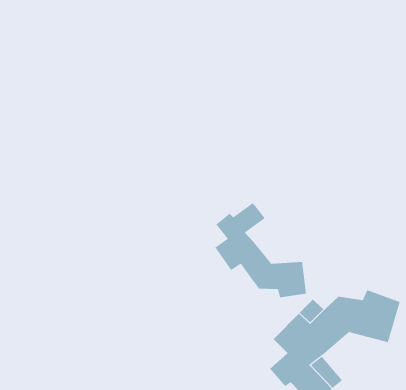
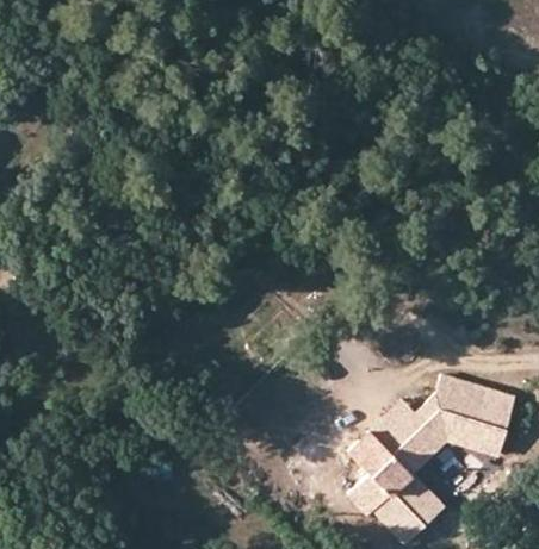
building: [215,202,307,298] -> none

